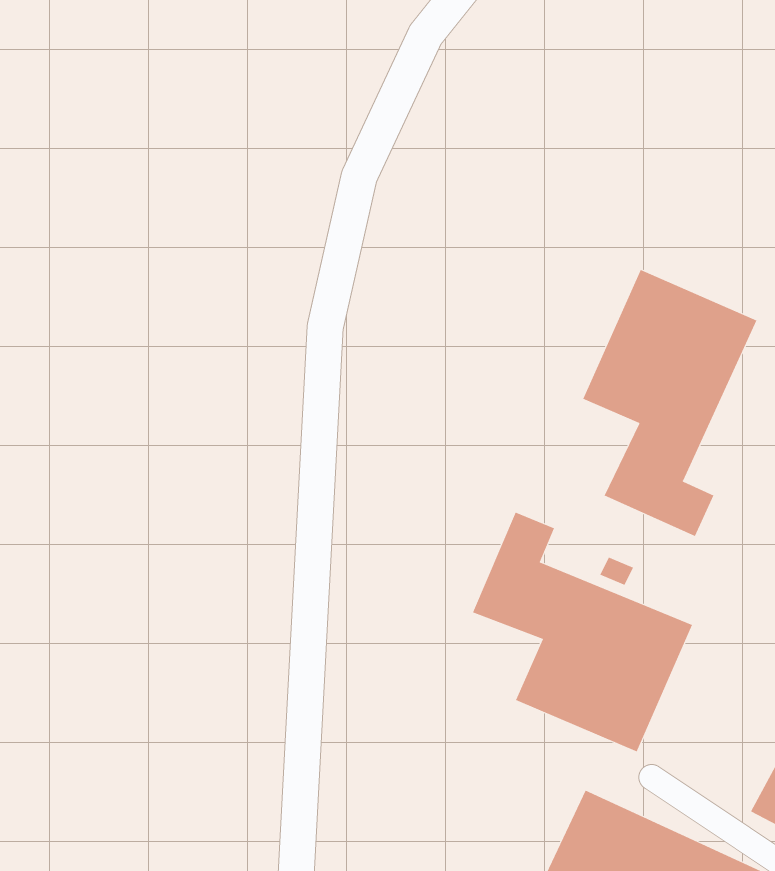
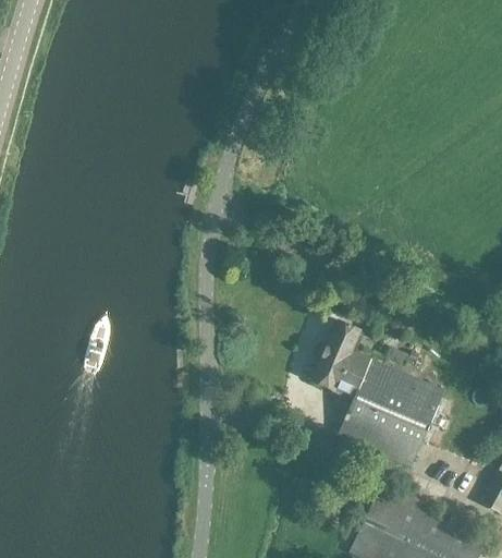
building: [583,269,757,537] -> none

